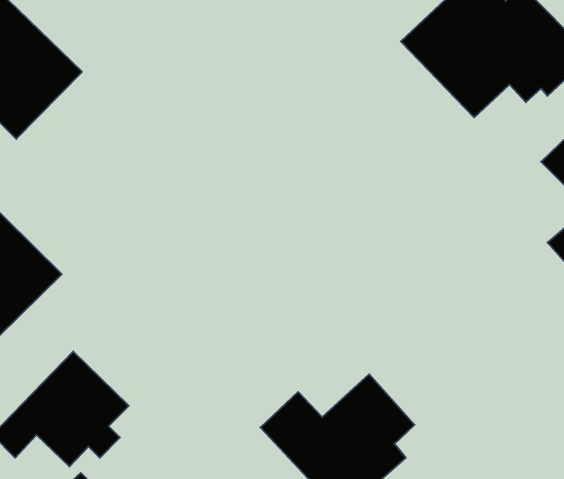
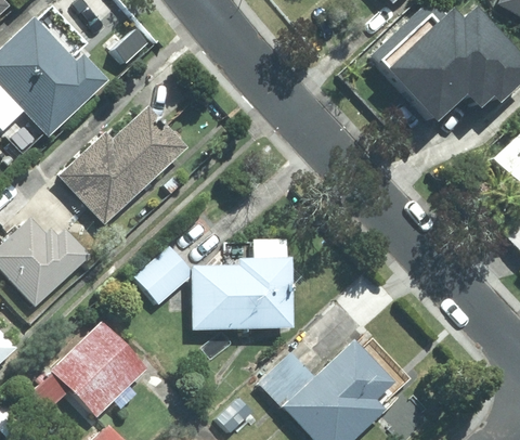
building: none -> [52,107,183,229]
building: none -> [130,242,288,331]

